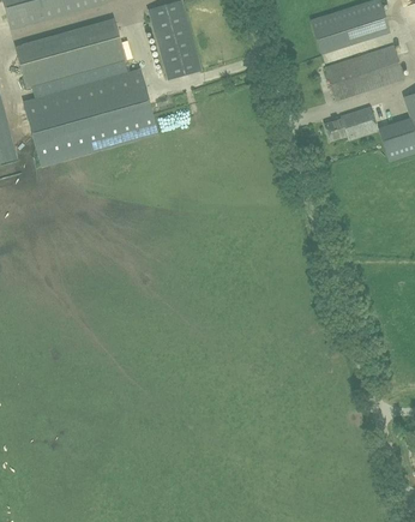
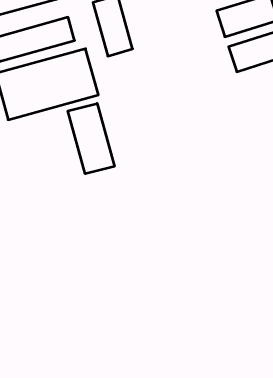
building: [324,106,377,139] -> none
building: none -> [68,103,114,174]

